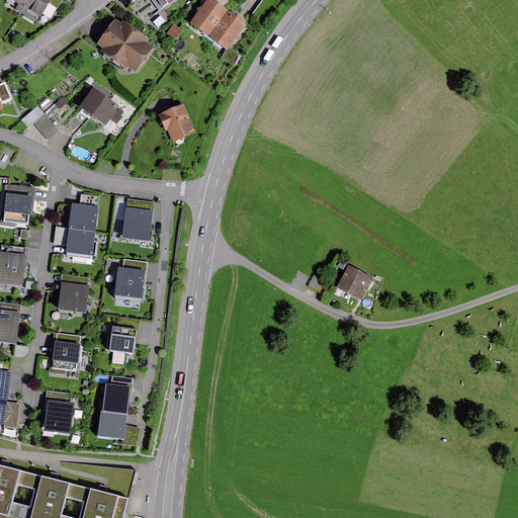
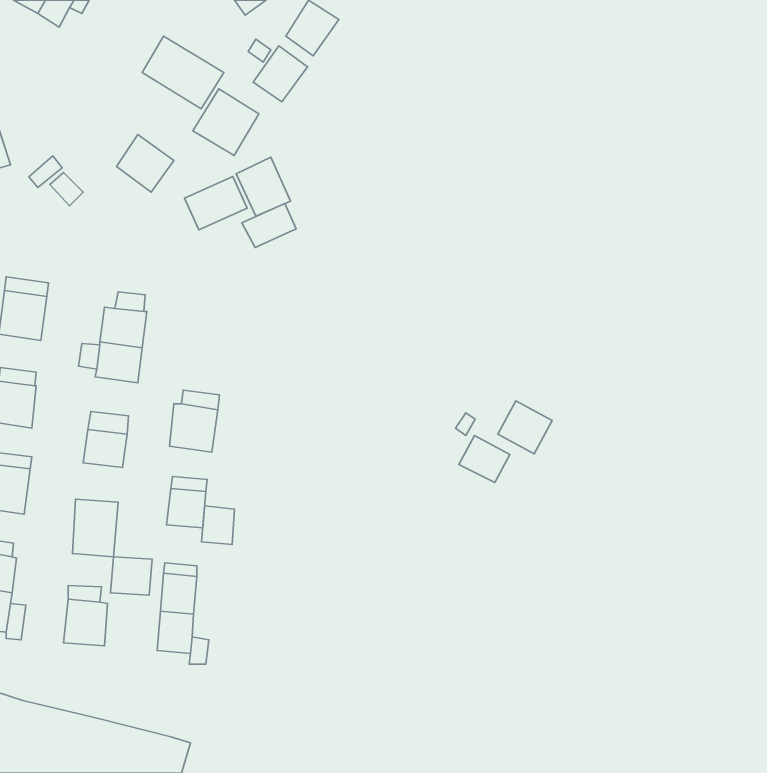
building: [209,13,246,51] -> [253,46,308,102]
building: none -> [193,89,259,156]
building: none -> [184,176,247,230]
building: none -> [242,204,296,247]
building: [122,212,148,240] -> none
building: none -> [459,435,510,483]
building: none -> [202,506,235,544]
building: none -> [111,557,152,595]

